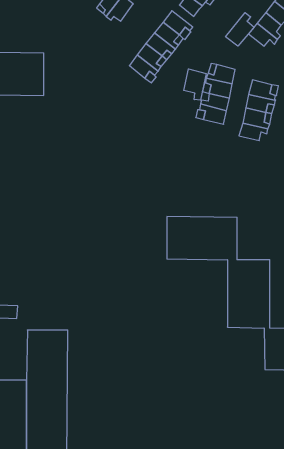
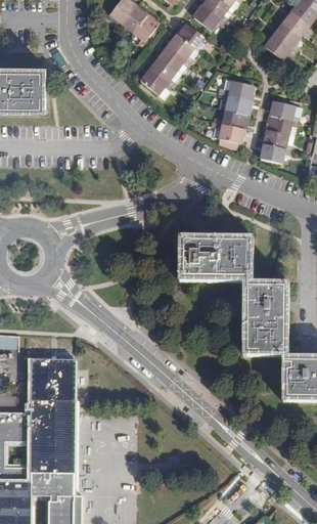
building: none -> [130,13,156,45]
building: [226,13,254,46] -> none
building: [184,69,206,100] -> none

